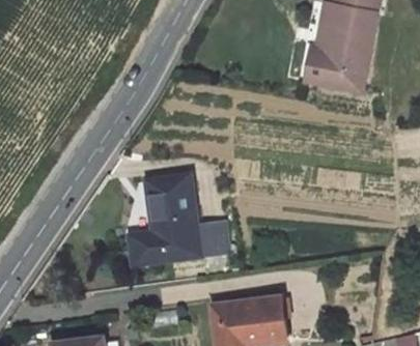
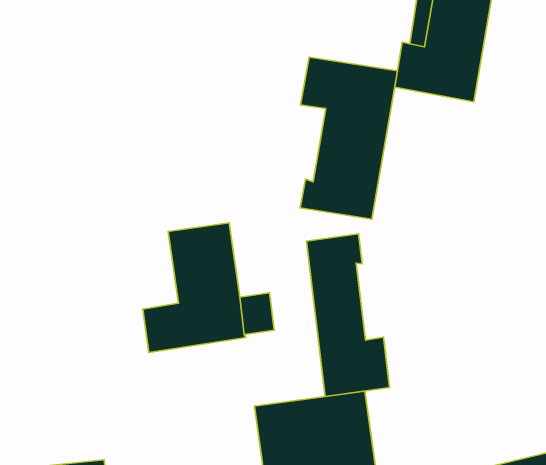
building: none -> [300,57,397,219]
building: none -> [307,234,389,396]

